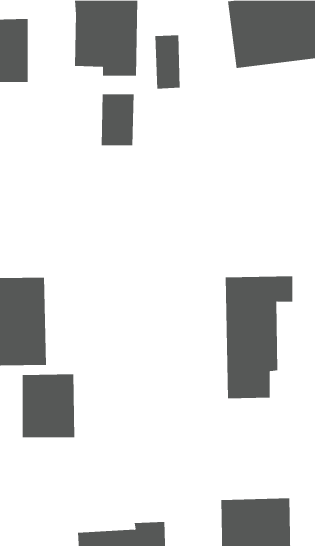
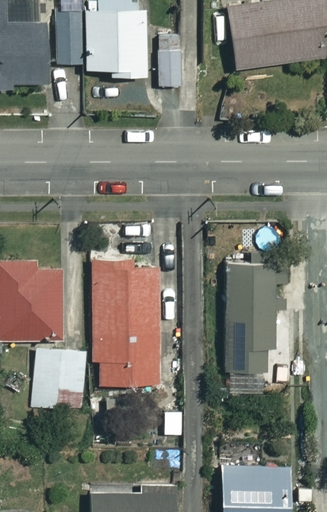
building: [101,94,134,146] -> [56,18,87,66]
building: none -> [93,258,160,386]

